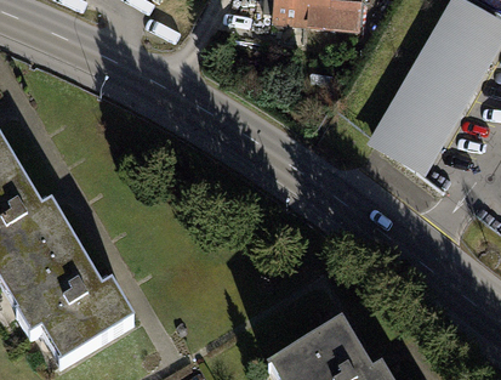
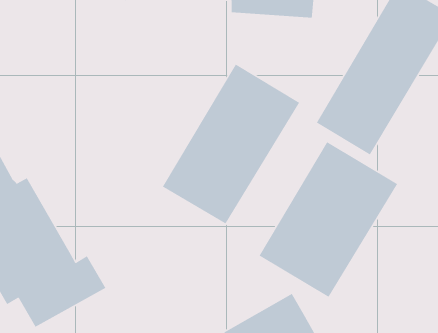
building: none -> [162,64,300,225]
building: none -> [258,141,398,298]

